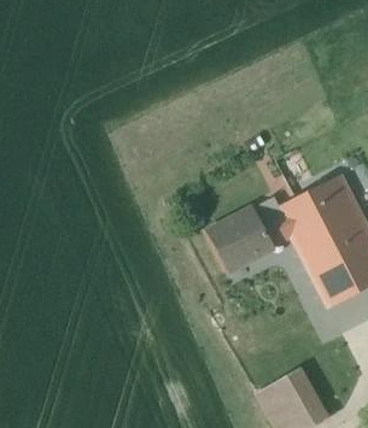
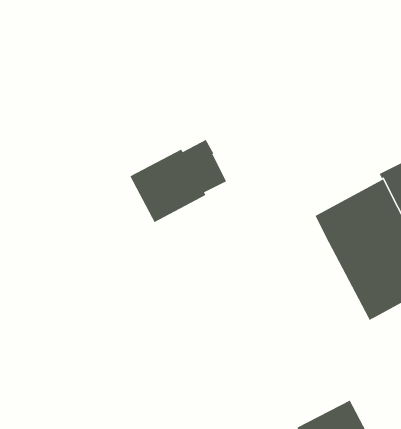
building: [206,198,292,271] -> [129,139,227,223]

